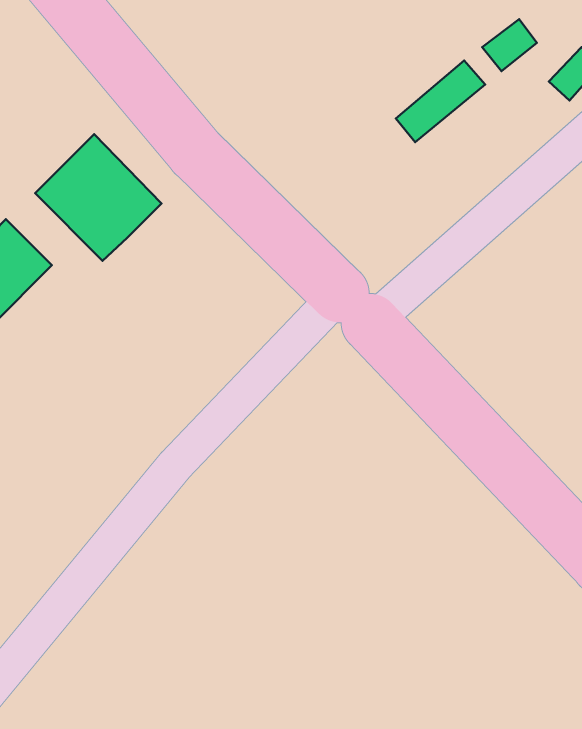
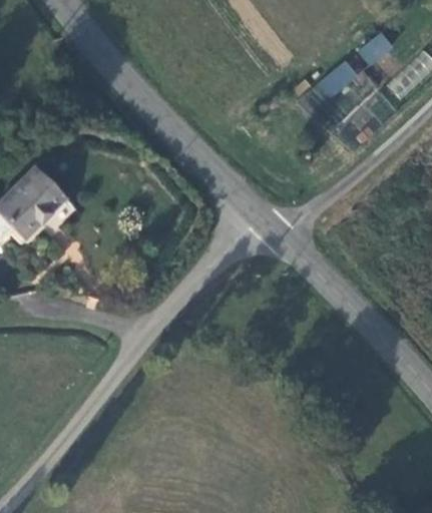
building: [35,134,162,261] -> none

